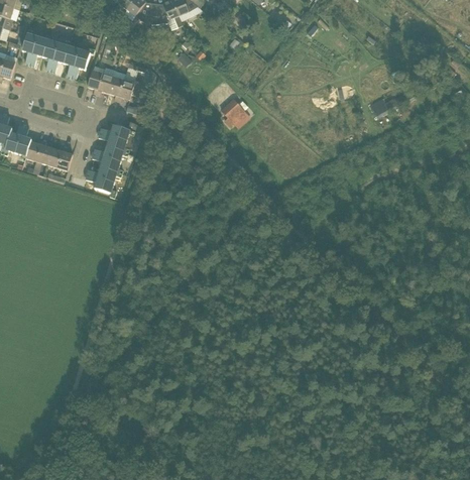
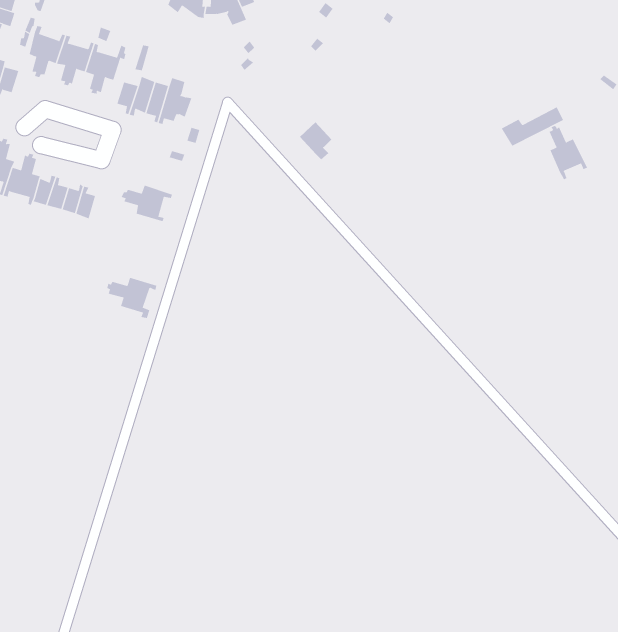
building: none -> [549,125,588,180]
building: [97,124,130,152] -> none
building: [84,166,121,197] -> [106,277,157,318]

